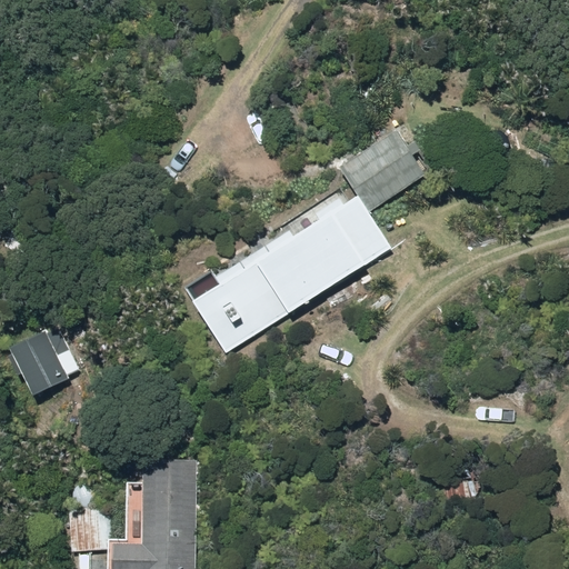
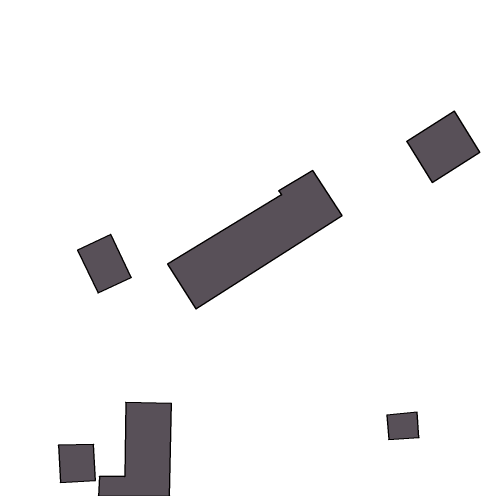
building: [340,129,423,210] -> [407,111,480,182]
building: [7,329,68,396] -> [78,234,131,293]

